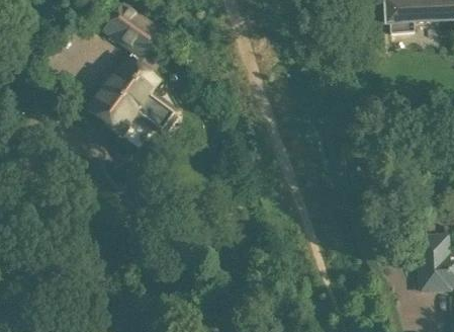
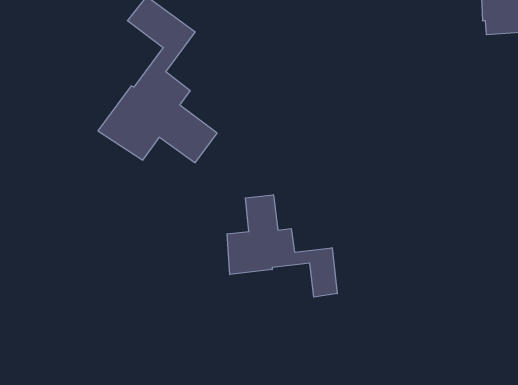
building: none -> [227,195,337,297]

